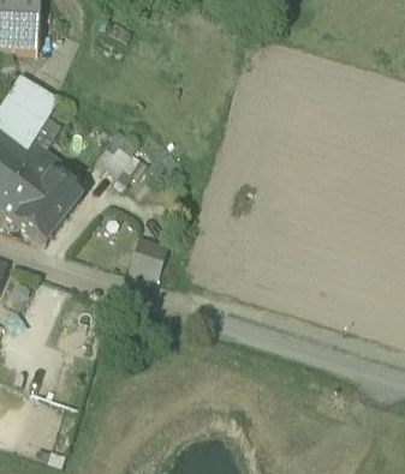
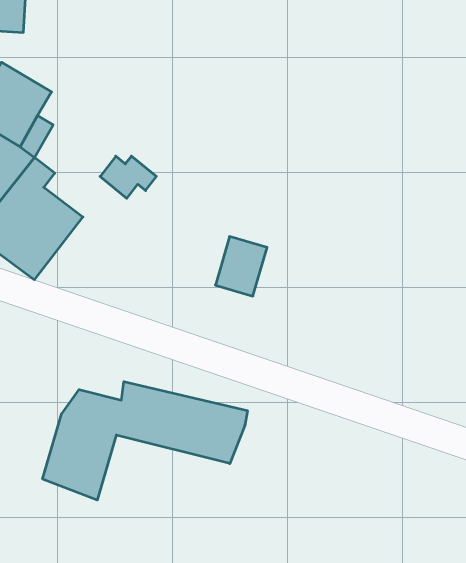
building: [129,235,168,281] -> [215,237,267,296]
building: none -> [43,382,247,500]

